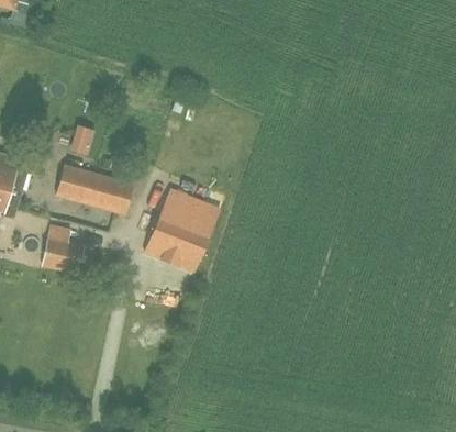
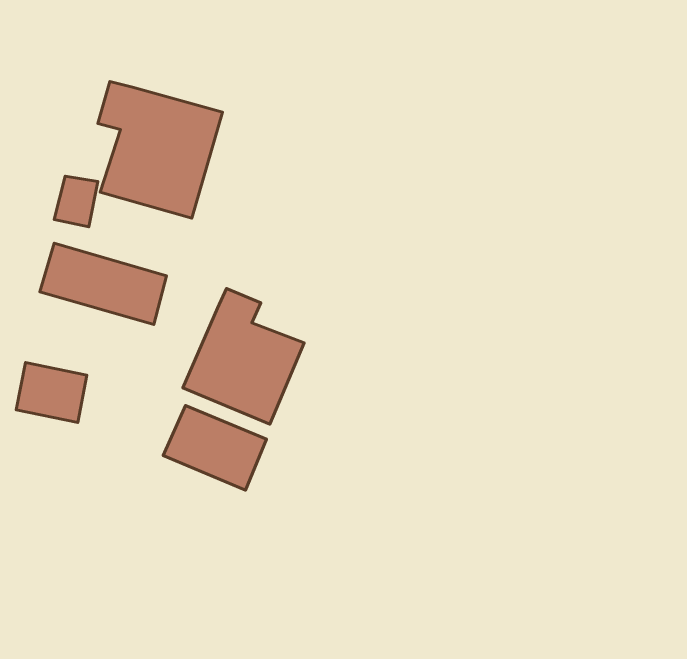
building: none -> [98,81,223,218]
building: none -> [163,406,267,490]

